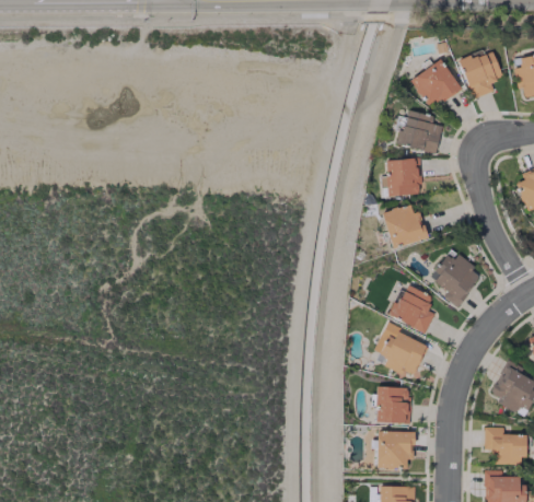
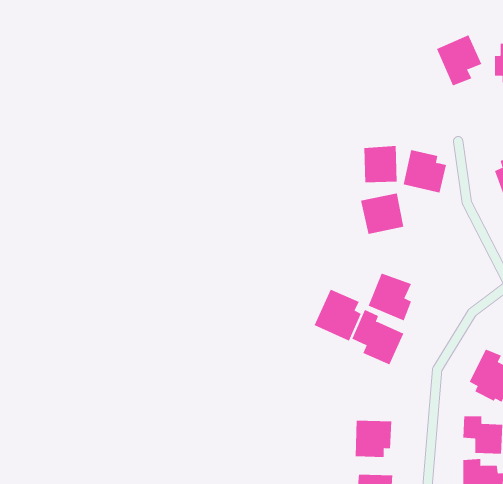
building: [410,60,460,108] -> none
building: [399,110,443,154] -> [403,149,447,193]
building: [430,256,483,307] -> none
building: none -> [314,289,362,341]
building: [376,387,410,423] -> none

